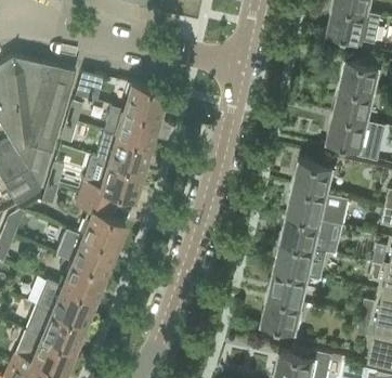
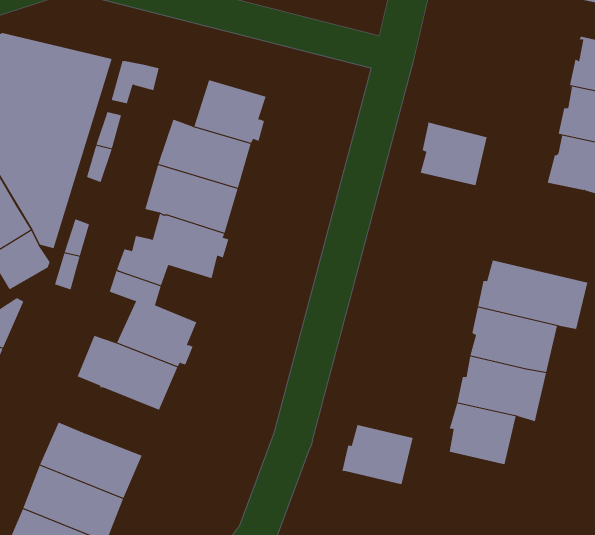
building: [295,158,334,195] -> [420,122,488,186]
building: [57,261,103,300] -> none
building: [261,298,302,333] -> [342,425,413,485]

